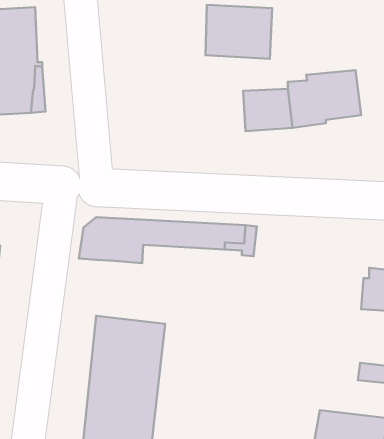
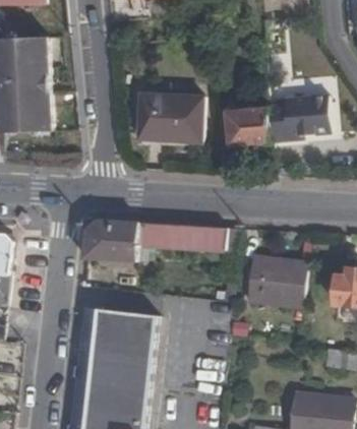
building: [206,5,272,59] -> [140,96,199,143]
building: none -> [248,258,305,306]

